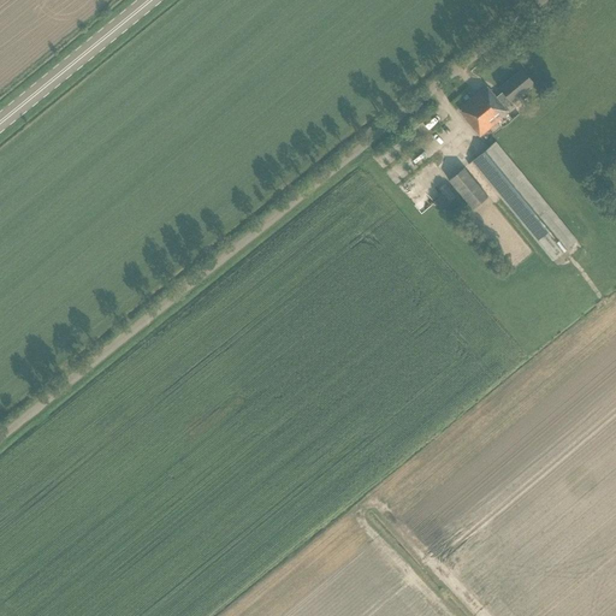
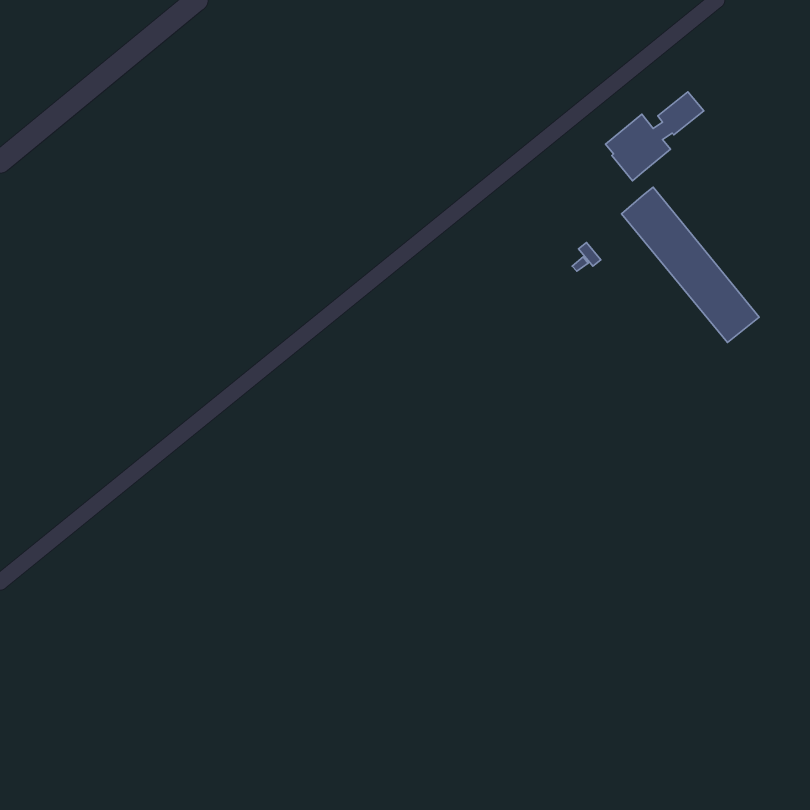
building: [449,168,487,209] -> none

